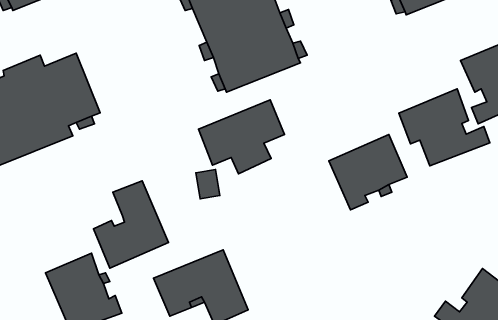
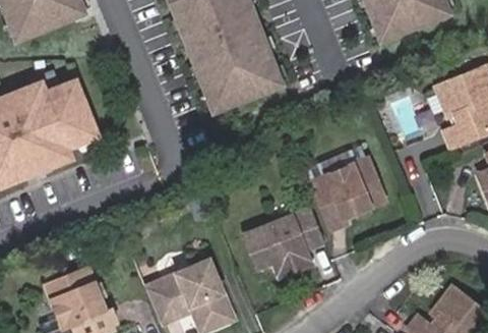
building: [399,89,490,166] -> none
building: [198,100,284,174] -> [244,207,324,276]
building: [93,181,168,268] -> none

